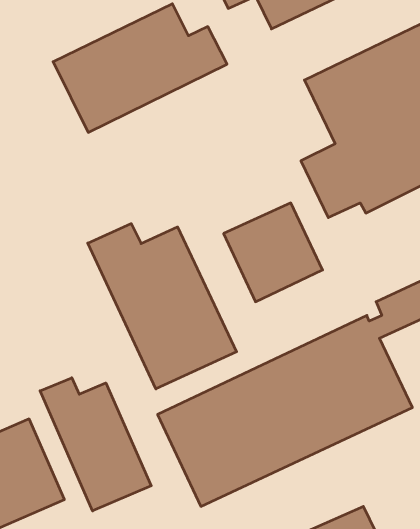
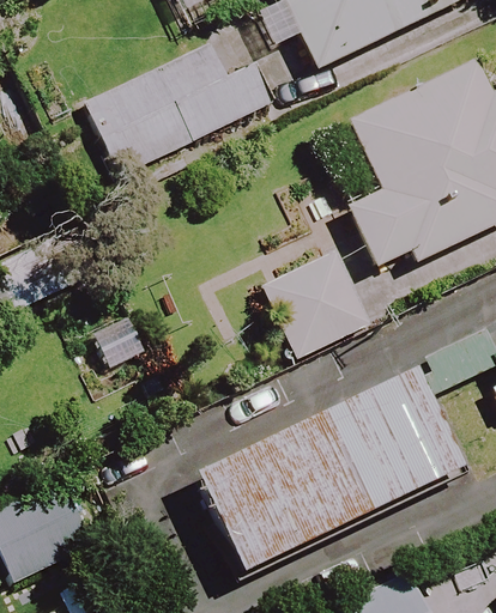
building: [88,224,237,389] -> none
building: [40,378,151,511] -> none

